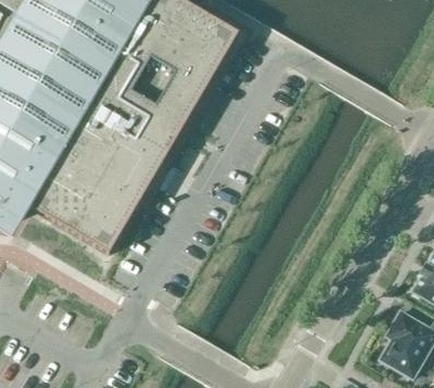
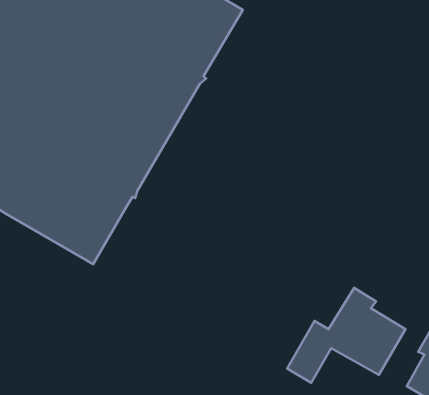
building: none -> [287,288,405,383]

